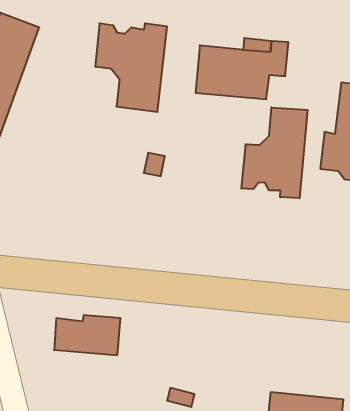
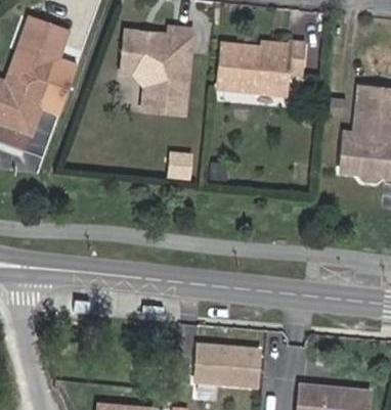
building: [241,107,308,198] -> none
building: [54,315,121,355] -> [190,344,255,382]

